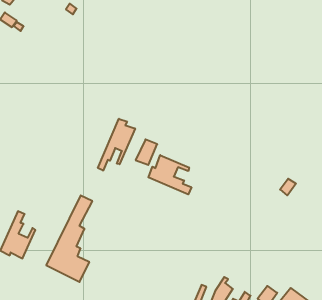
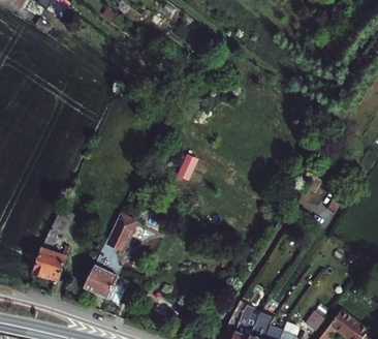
building: [98,119,135,171] -> none
building: [148,155,191,194] -> none

